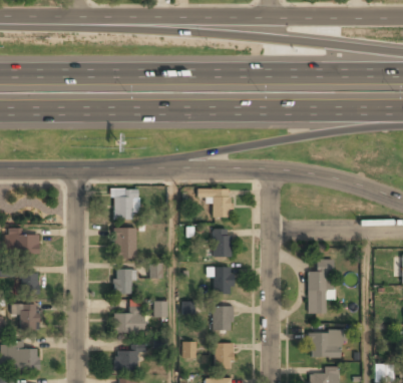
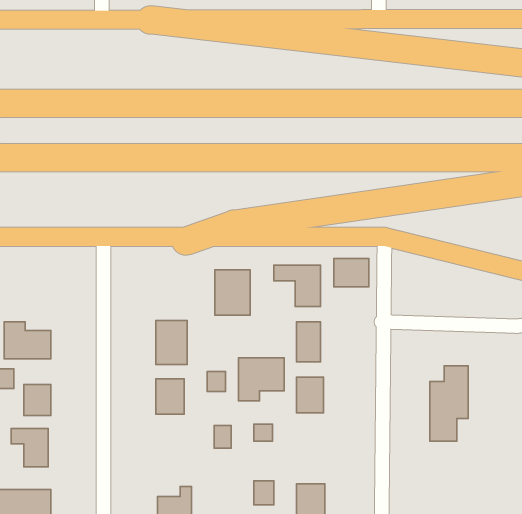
building: none -> [334,259,369,287]
building: [113,188,138,221] -> [215,270,250,315]
building: none -> [239,358,284,401]
building: [213,306,234,331] -> none
building: [114,307,144,333] -> none
building: [310,332,341,358] -> none

